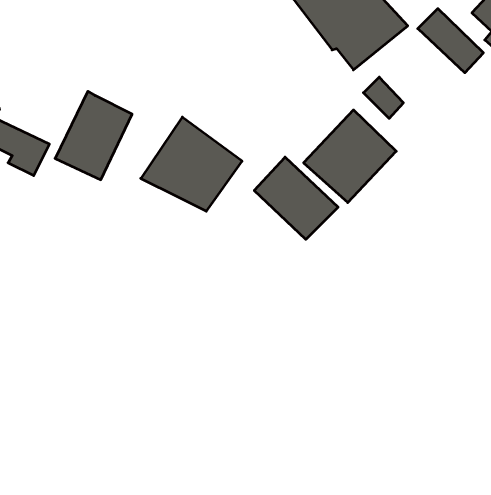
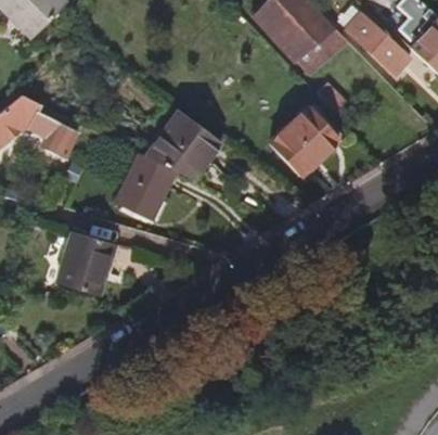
building: [55,91,132,180] -> [116,154,175,221]
building: [254,157,338,239] -> none
building: none -> [56,230,115,295]

